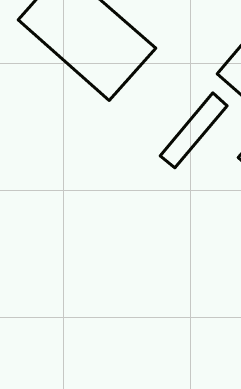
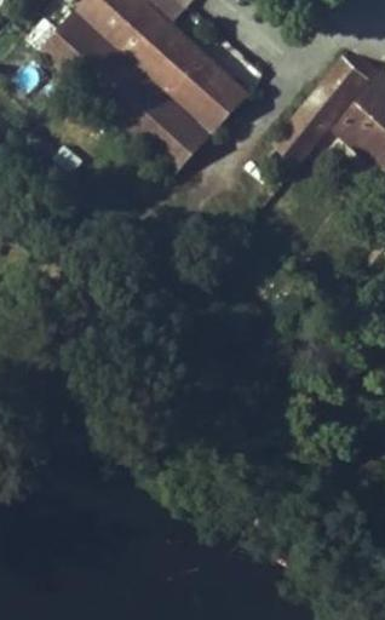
building: [160,93,227,168] -> [266,59,367,172]

